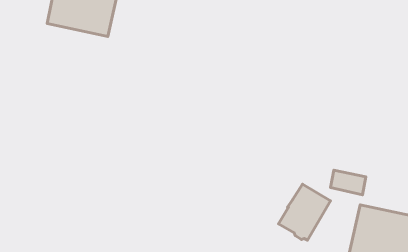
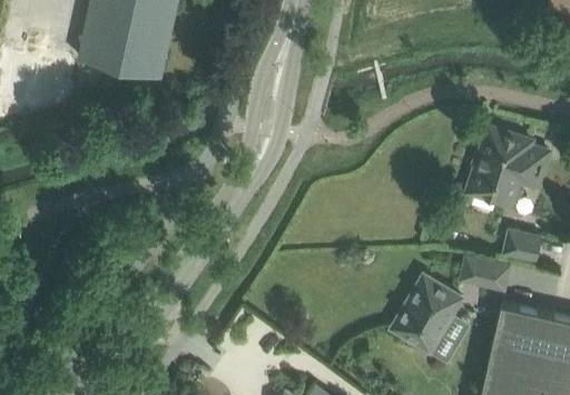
building: none -> [470,130,547,207]
building: none -> [503,230,541,263]

